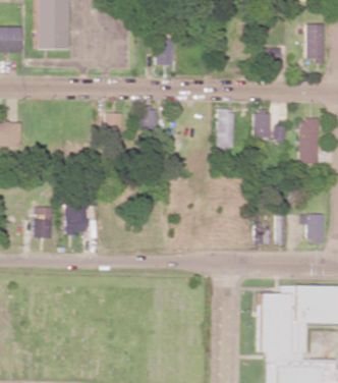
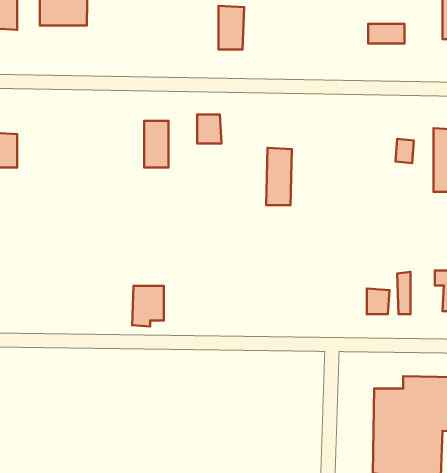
building: [217,108,234,147] -> [266,148,292,205]
building: [254,113,272,138] -> none
building: [34,206,52,237] -> none
building: [65,208,87,235] -> [132,286,164,327]

